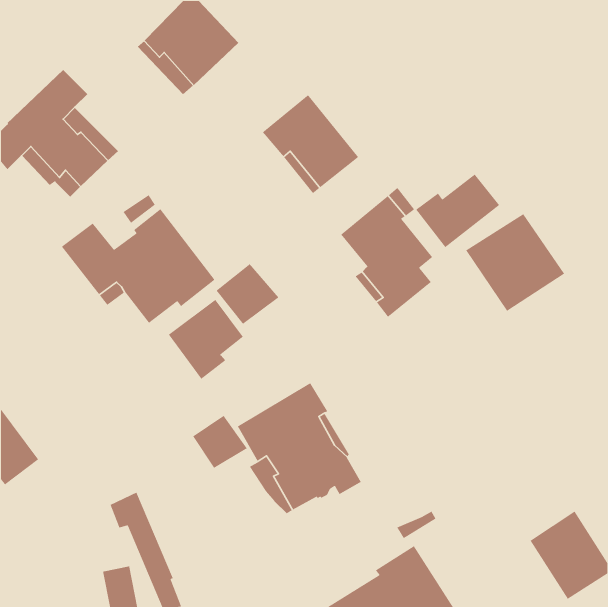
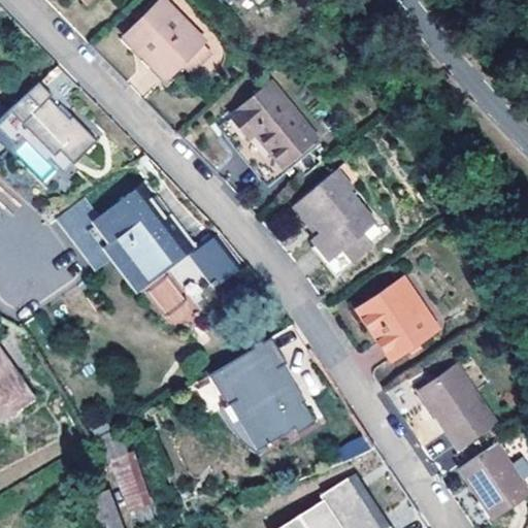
building: [415,173,500,248] -> none
building: [465,213,565,312] -> [355,278,441,364]
building: [192,415,248,469] -> none
building: none -> [417,364,500,454]

